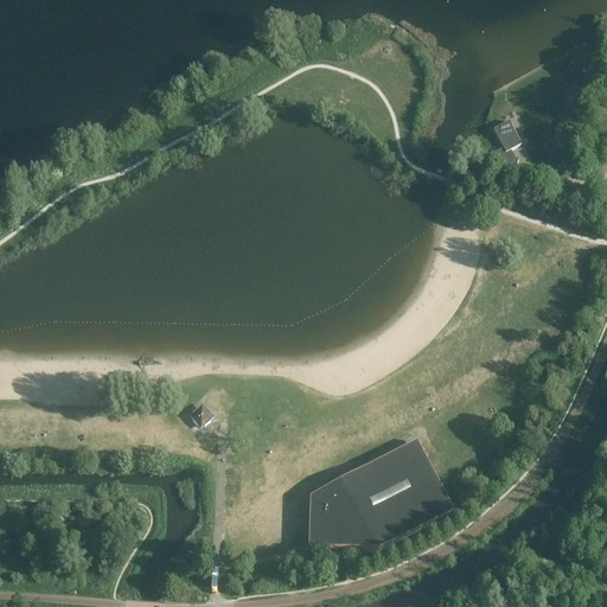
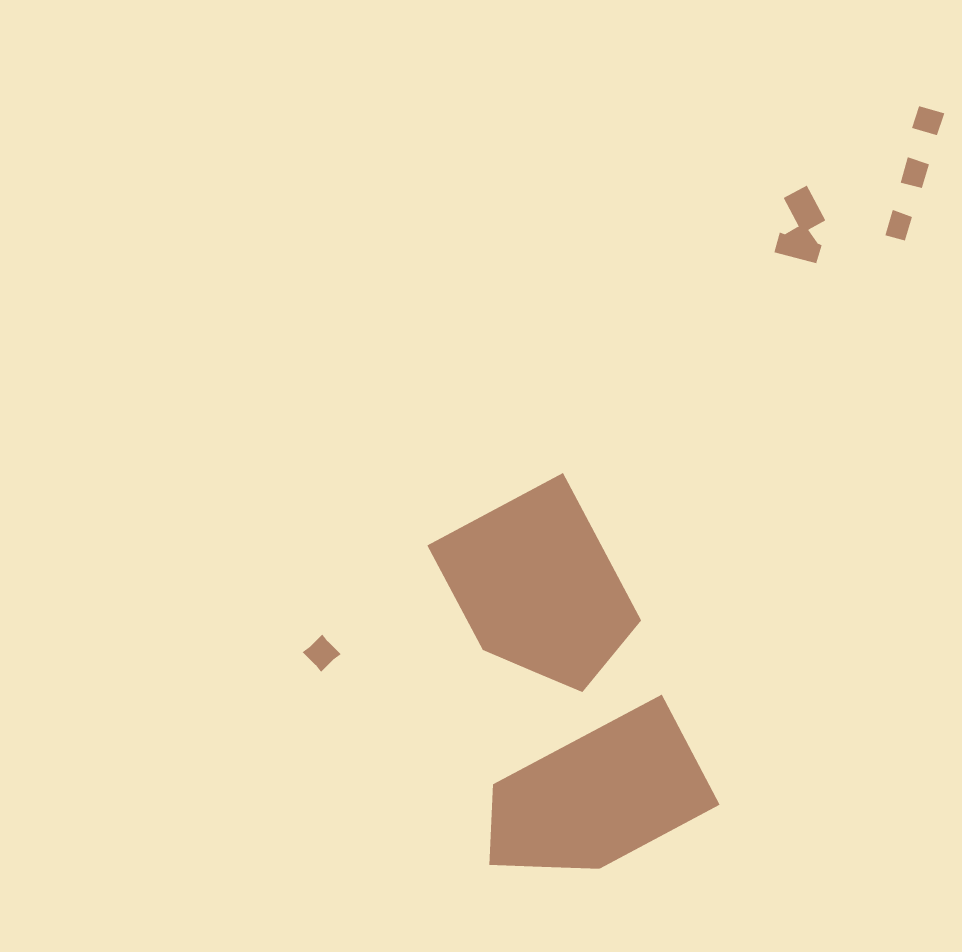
building: none -> [426,472,642,693]

